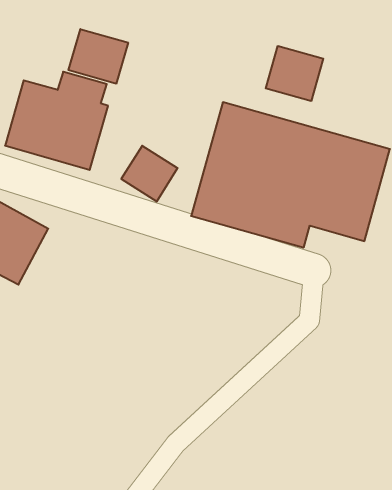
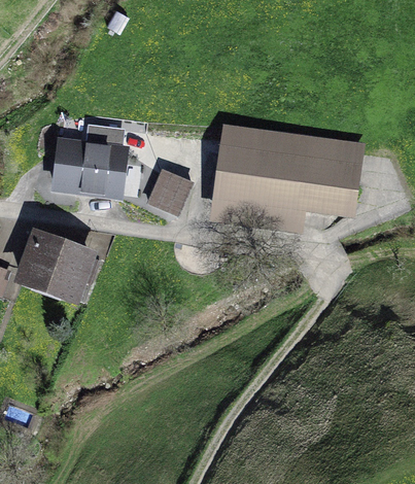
building: [68,29,128,84] -> none
building: [266,46,323,101] -> none

